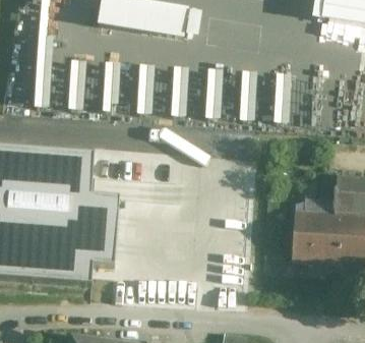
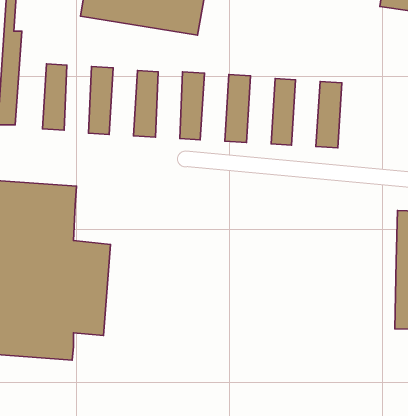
building: [291,207,332,259] -> none

